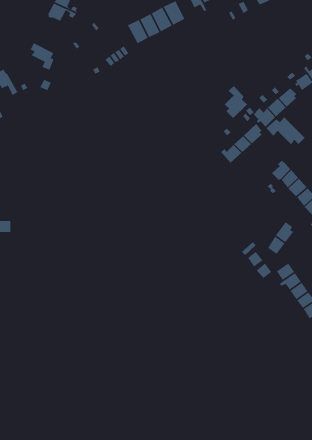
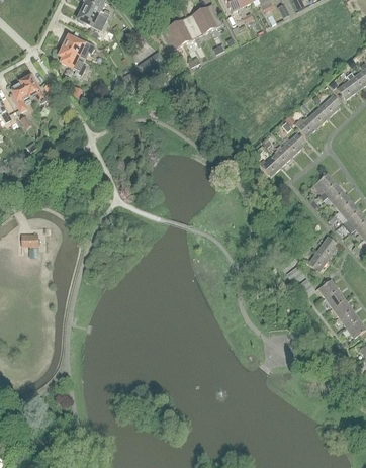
building: none -> [61,35,94,58]
building: [223,85,248,119] -> none
building: [265,116,305,146] -> none

